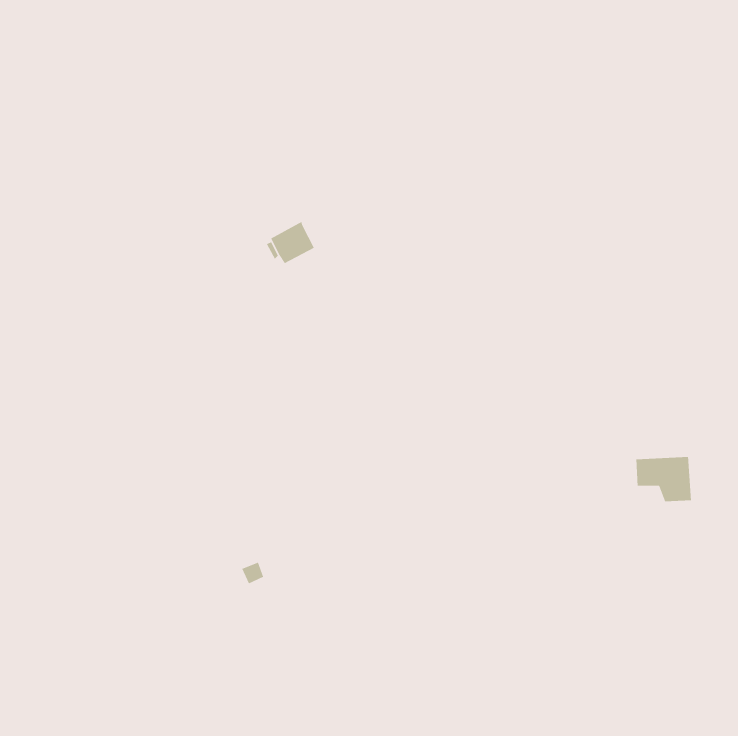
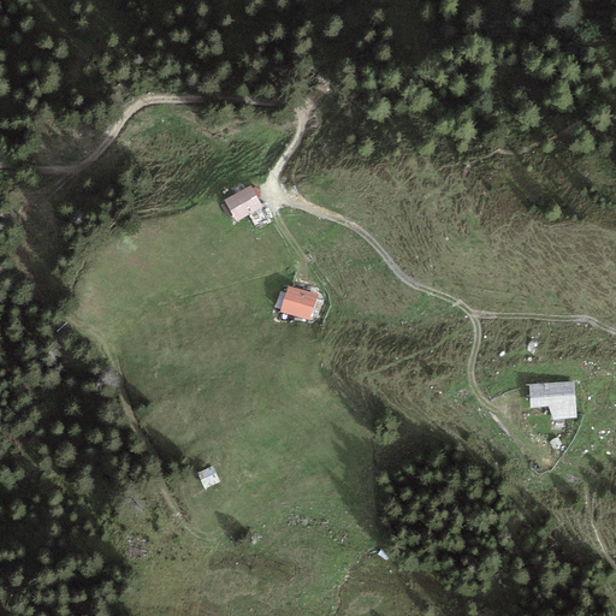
building: none -> [280,285,318,320]

